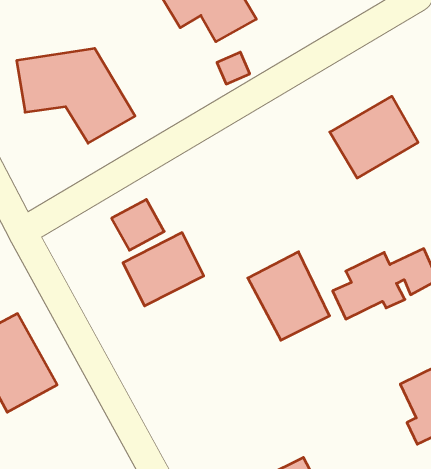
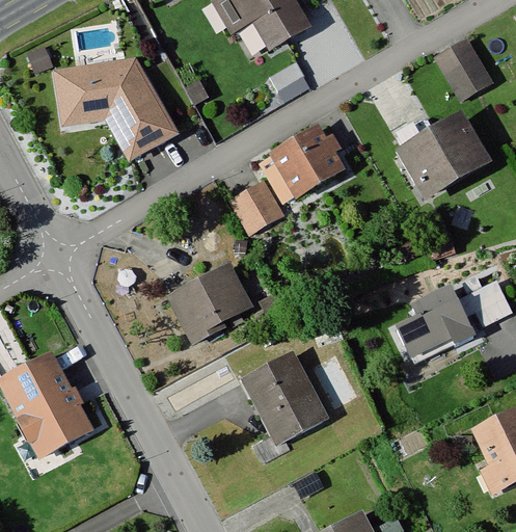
building: none -> [432,37,494,105]
building: none -> [269,122,346,197]
building: [112,199,164,250] -> [227,181,286,237]
building: [248,252,330,340] -> [238,348,328,446]

